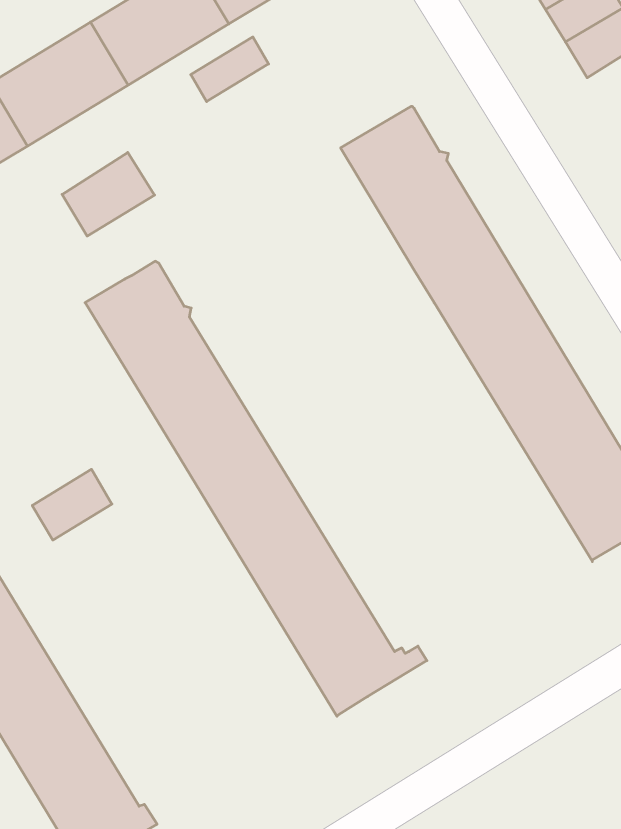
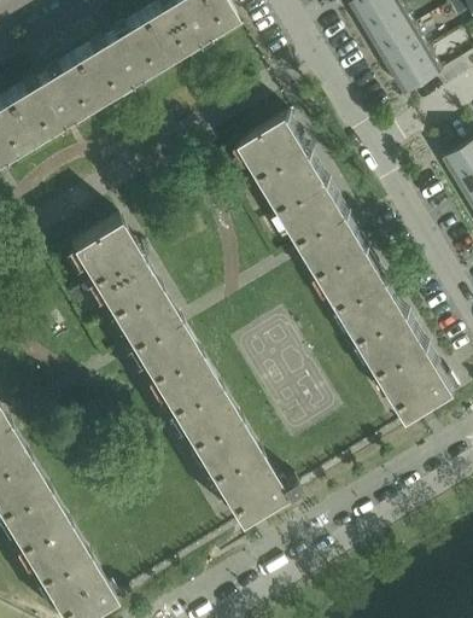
building: [191,37,269,102] -> none
building: [62,152,155,236] -> none
building: [32,469,112,540] -> none

